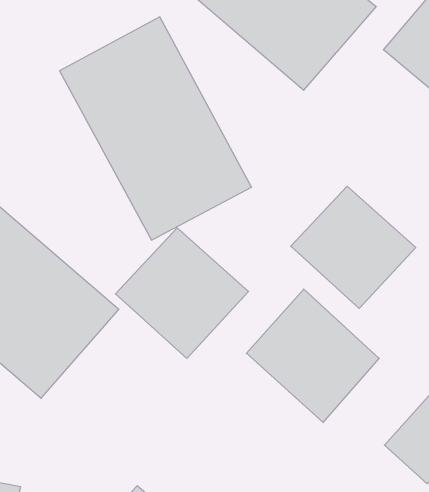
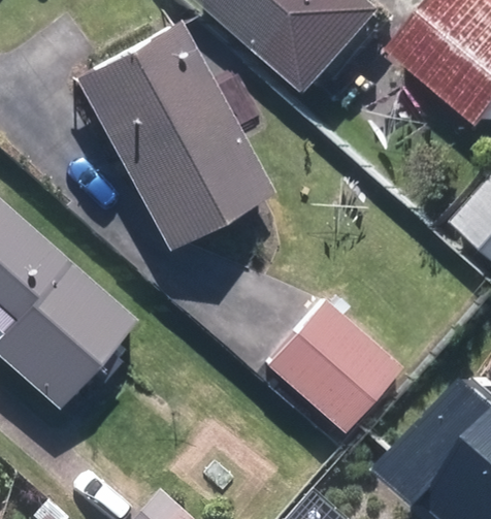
building: [291,186,416,308] -> none
building: [115,228,249,358] -> none

